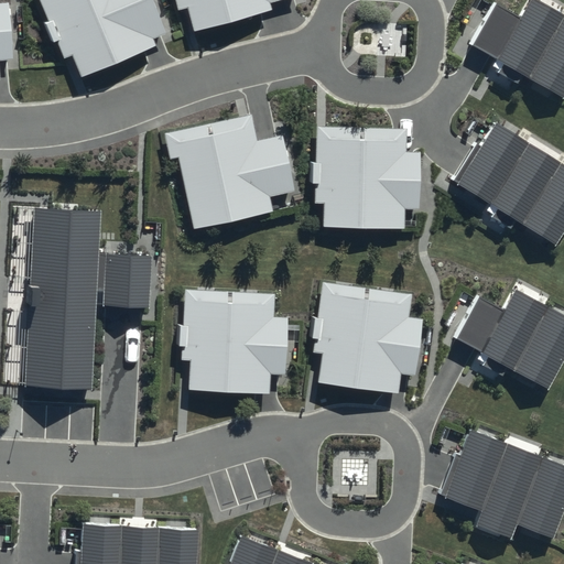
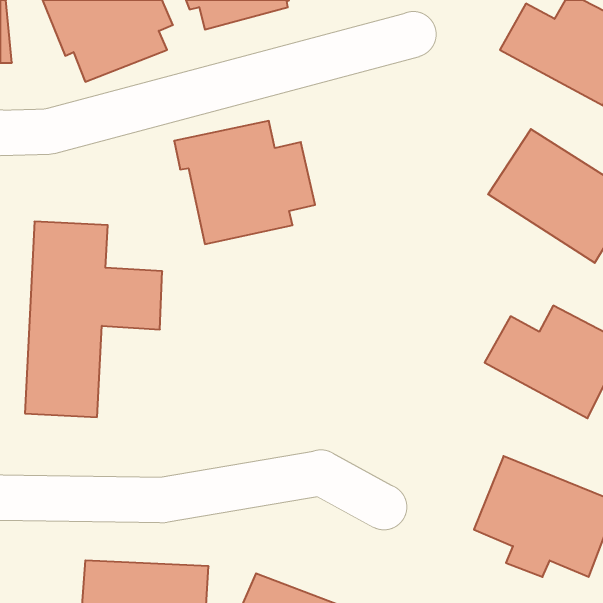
building: [314,126,420,230] -> none
building: [313,282,423,394] -> none
building: [182,290,288,394] -> none

